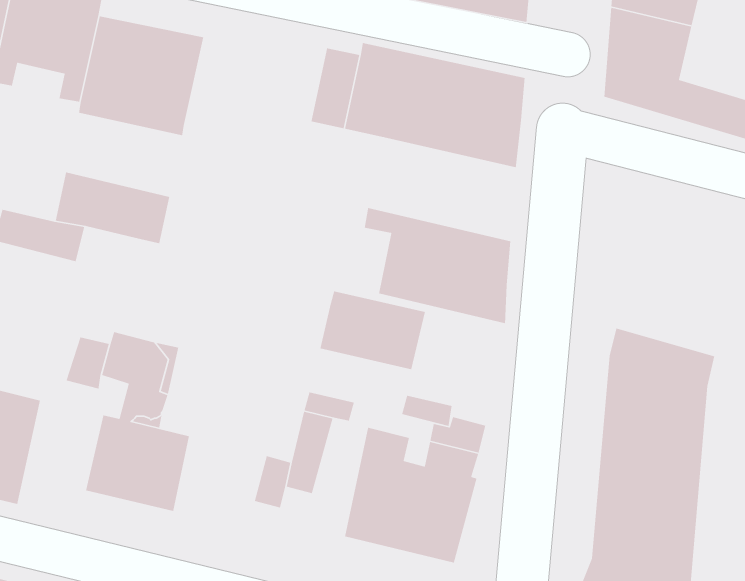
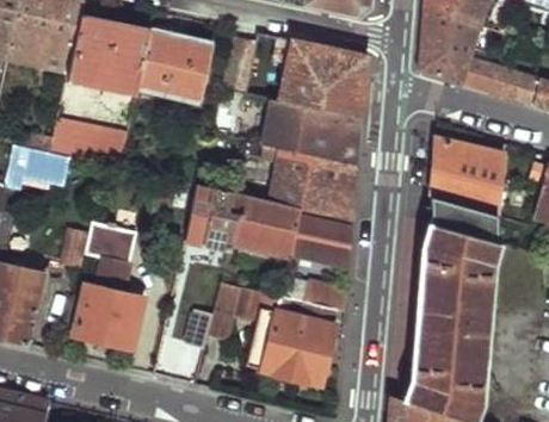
building: none -> [140,29,215,101]
building: none -> [263,97,363,166]
building: none -> [408,137,505,228]
building: none -> [195,186,238,250]
building: none -> [292,213,354,267]

